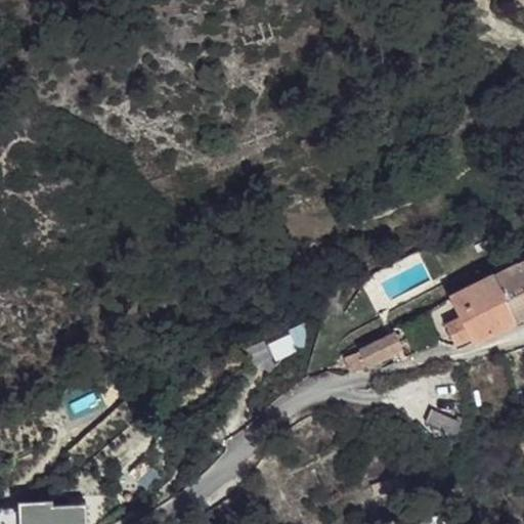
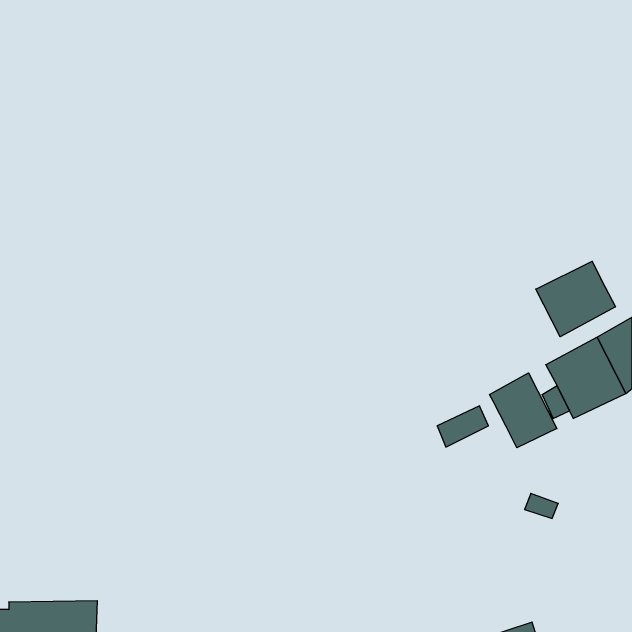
building: none -> [536,261,615,337]
building: none -> [490,373,557,448]

